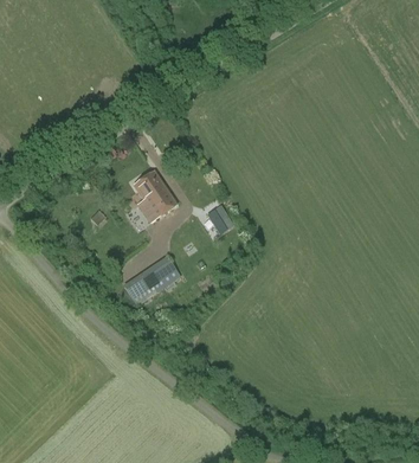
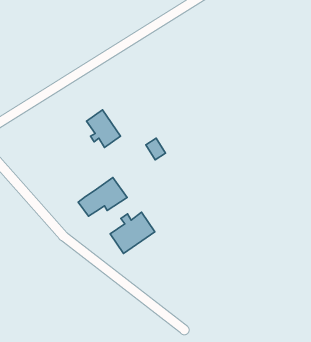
building: none -> [110,212,155,254]

